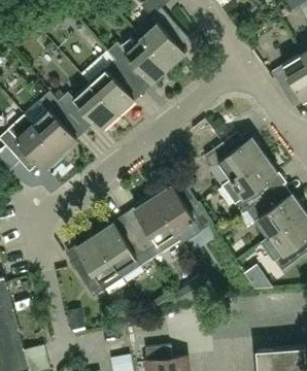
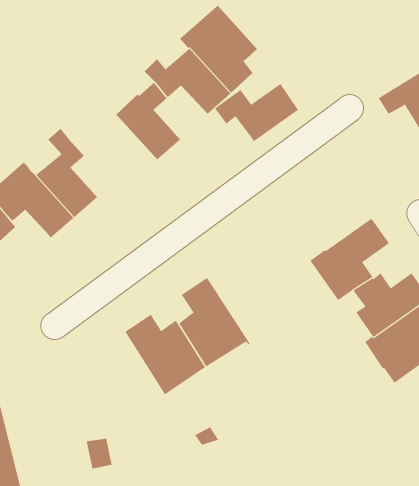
building: [57,83,115,130] -> none
building: [206,137,265,178] -> [214,83,299,142]
building: [150,184,209,243] -> none
building: [69,235,121,297] -> none

